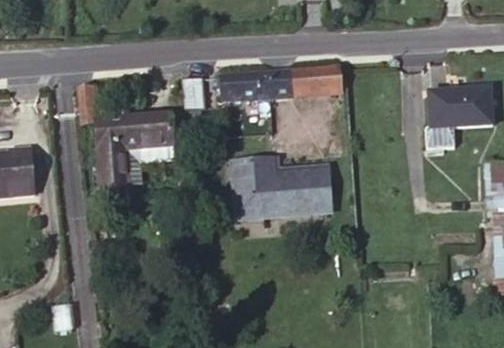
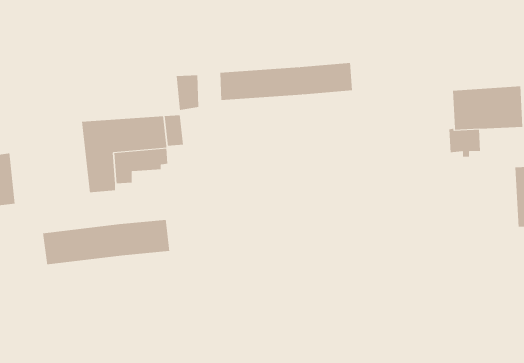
building: [232,157,332,218] -> none
building: none -> [42,219,170,265]

